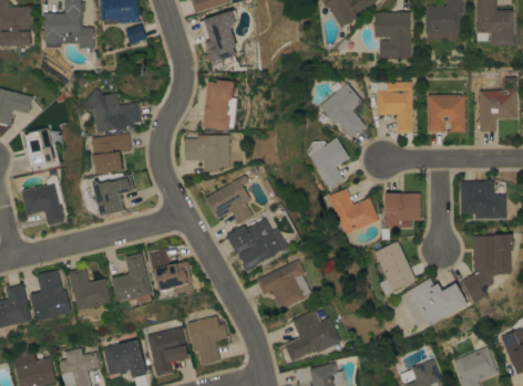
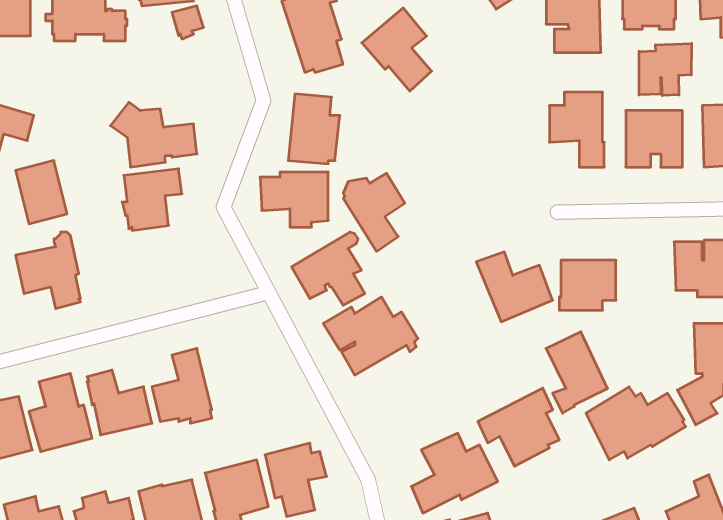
building: none -> [639,43,692,96]
building: [319,83,366,138] -> [362,8,432,91]
building: [308,137,349,189] -> [343,173,405,251]
building: [93,174,135,216] -> none
building: [148,248,193,291] -> none
building: [257,258,311,310] -> [478,388,559,466]

